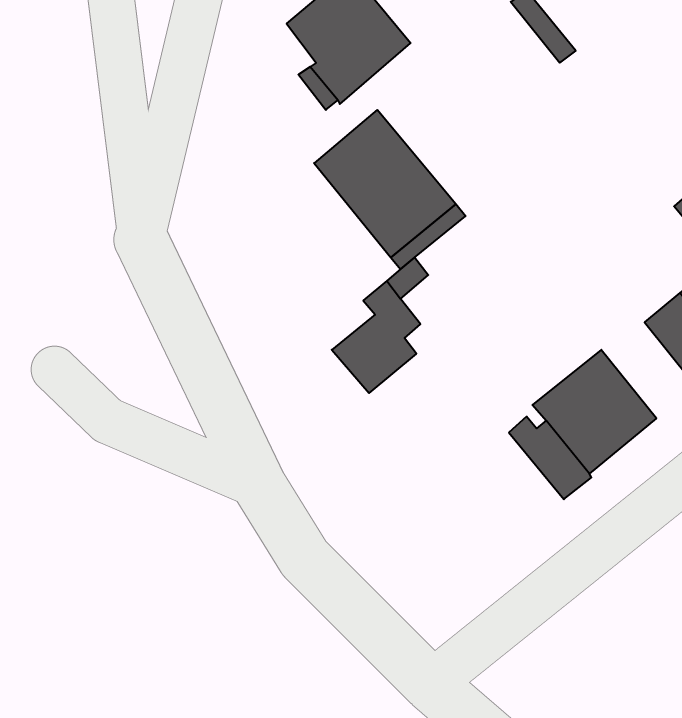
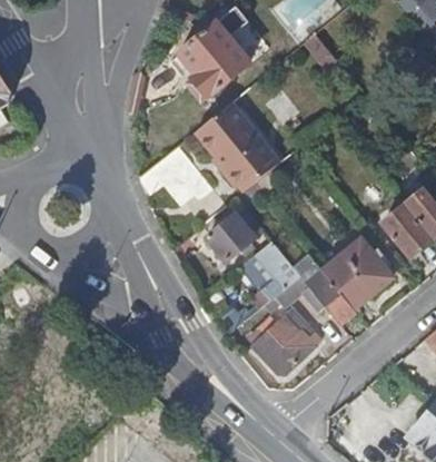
building: none -> [249,242,300,308]
building: none -> [254,308,316,372]

